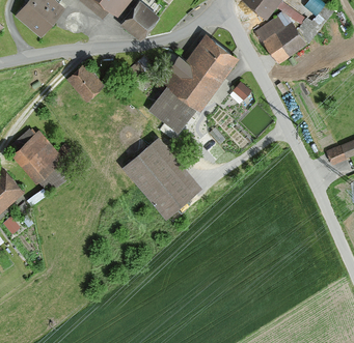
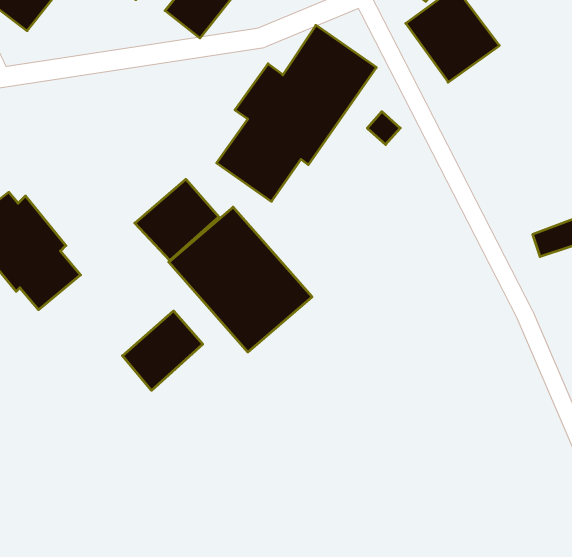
building: [67,65,103,101] -> none
building: none -> [135,179,219,260]
building: none -> [122,311,203,390]

